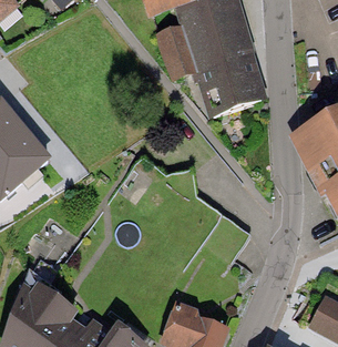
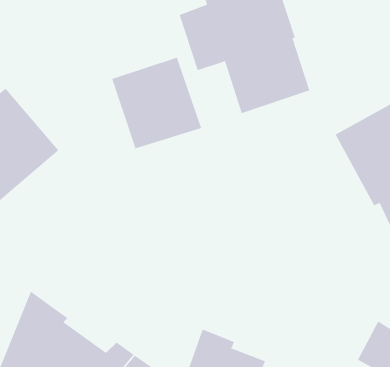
building: none -> [112,57,202,149]

